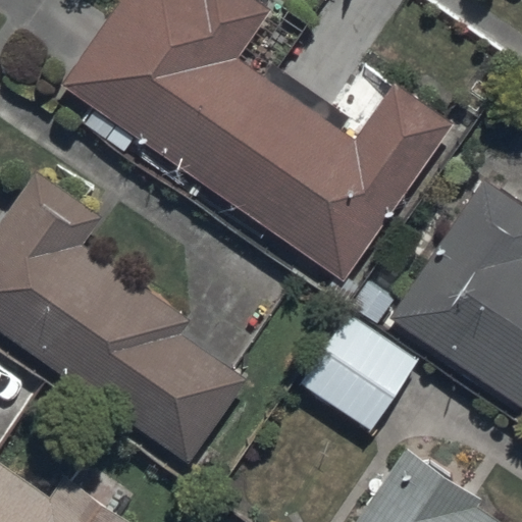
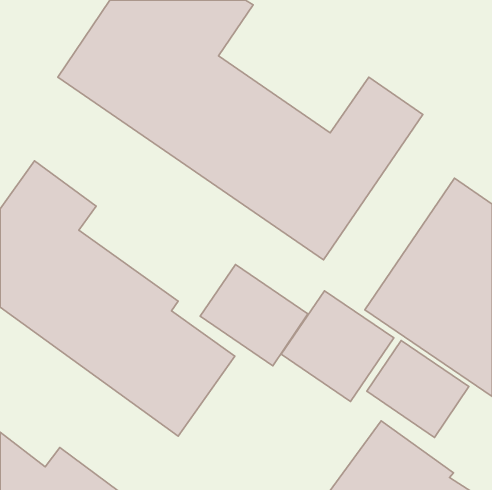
building: none -> [200,264,308,366]
building: none -> [367,341,469,437]

